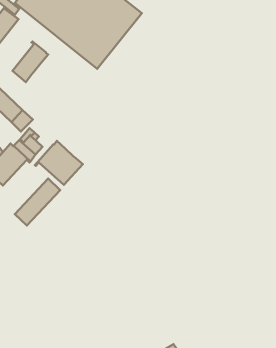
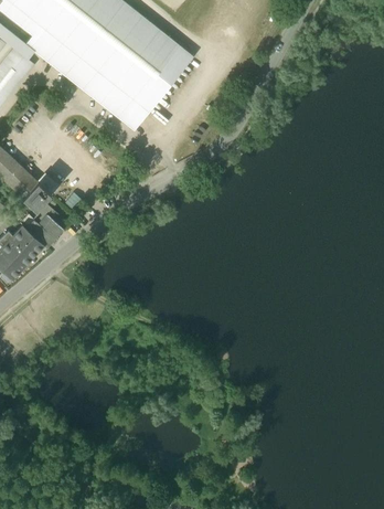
building: [13,42,48,82] -> none
building: [35,141,83,185] -> none
building: [15,179,60,226] -> none

